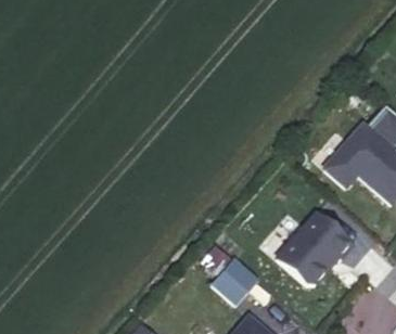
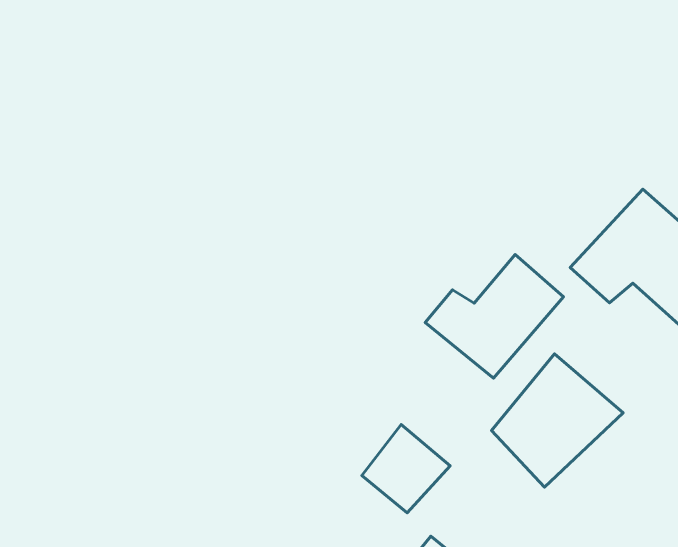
building: none -> [425,255,563,378]

